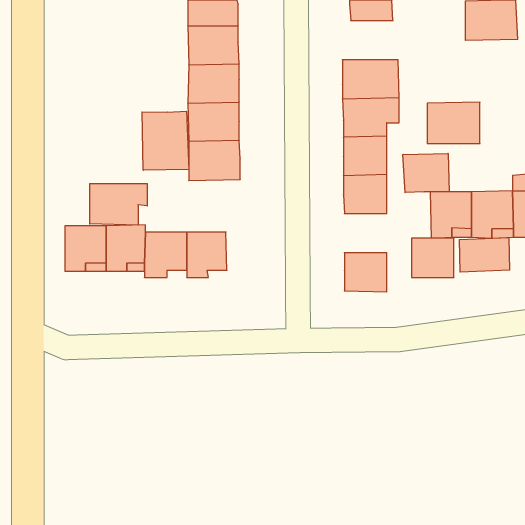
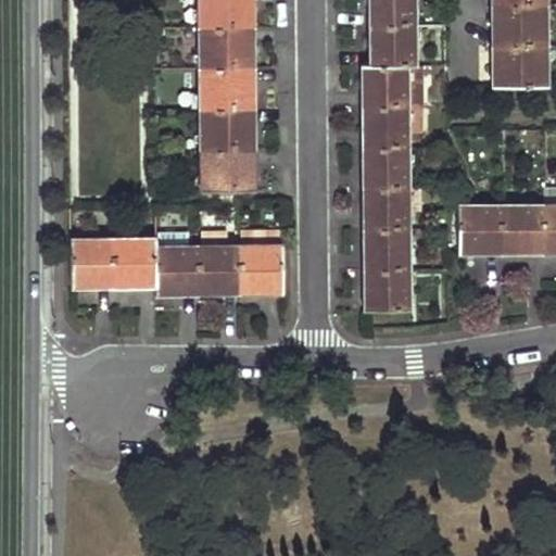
building: none -> [370,24,416,65]
building: [427,102,480,144] -> [492,43,547,87]
building: [142,111,189,170] -> none
building: [403,153,449,193] -> none
building: [90,184,147,225] -> none
building: none -> [240,247,283,294]
building: [459,238,510,272] -> none
building: [412,238,454,277] -> [365,227,409,268]

